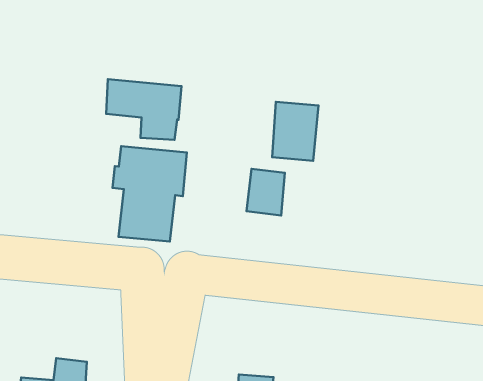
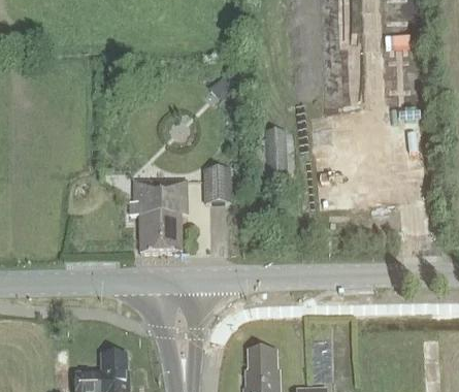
building: [106,79,182,140] -> none
building: [247,169,285,215] -> [203,167,231,201]

